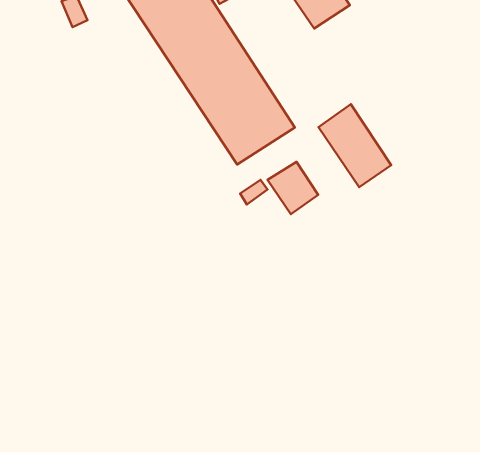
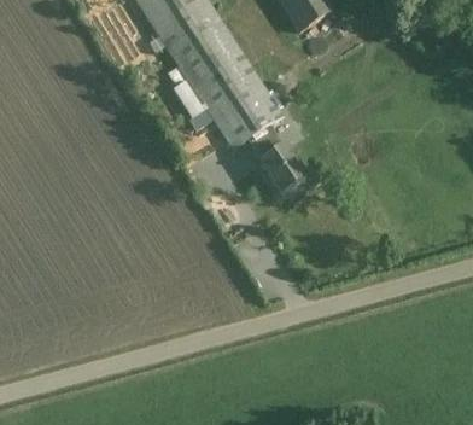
building: [319,104,391,187] -> none

